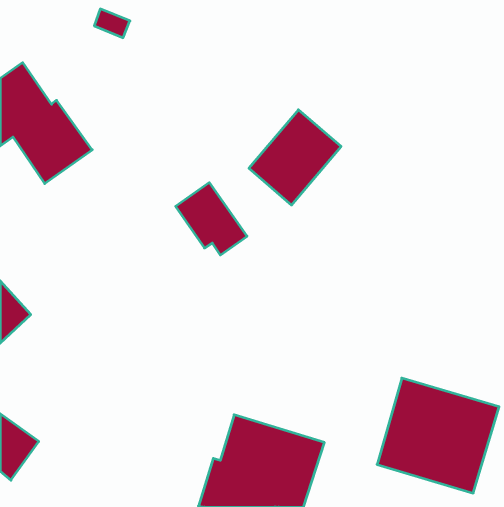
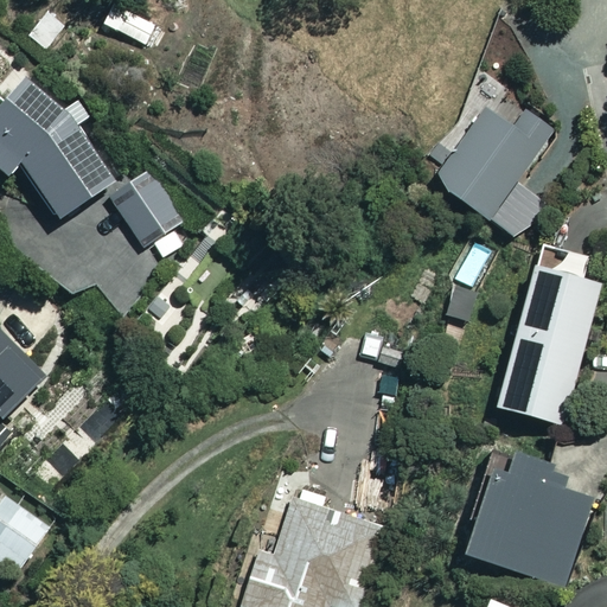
building: [249,110,341,205] -> [435,104,545,218]
building: [176,183,247,255] -> [113,171,198,257]
building: none -> [493,266,599,424]

